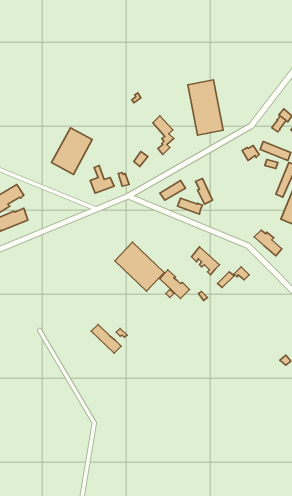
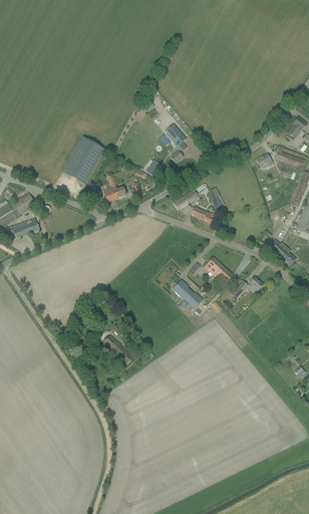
building: [188,80,223,135] -> none
building: [115,242,164,291] -> none

